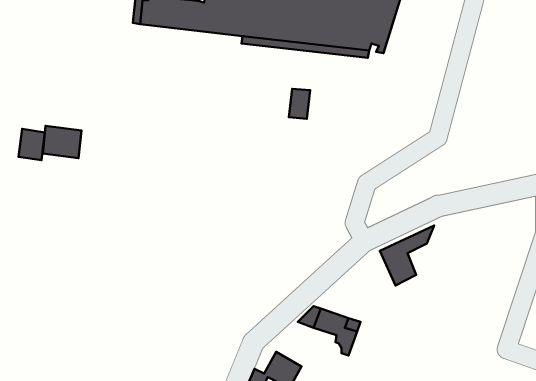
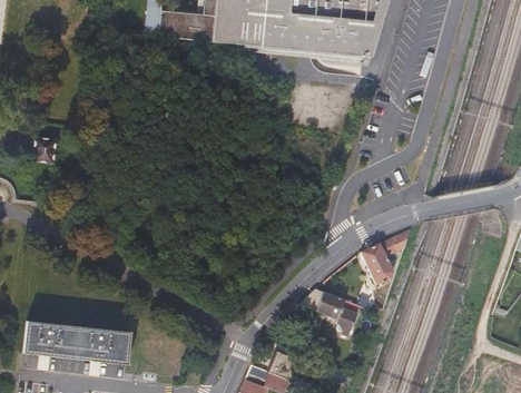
building: [289,89,310,119] -> none
building: [43,126,81,158] -> none
building: none -> [23,316,129,357]

